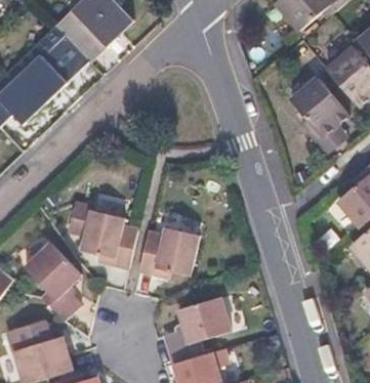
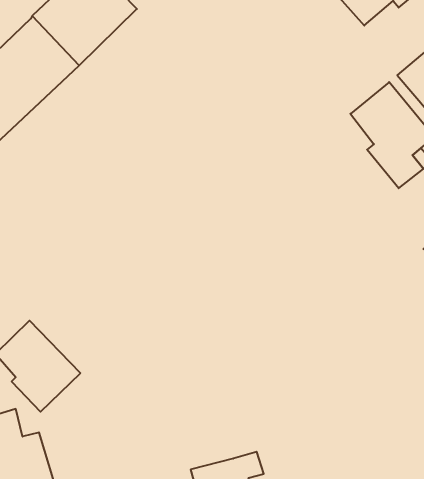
building: [69,211,134,268] -> none
building: [135,229,198,279] -> none
building: [163,297,228,361] -> none

